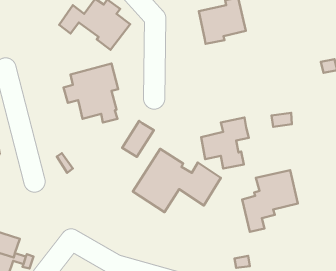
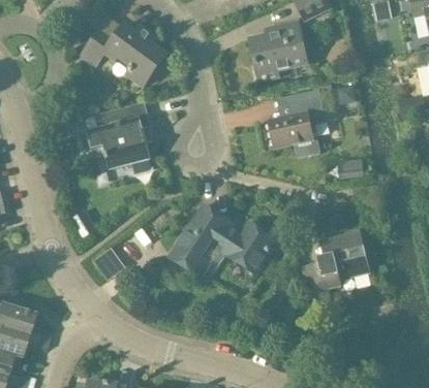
building: [201,117,249,169] -> [268,96,326,158]
building: [122,121,154,157] -> none

